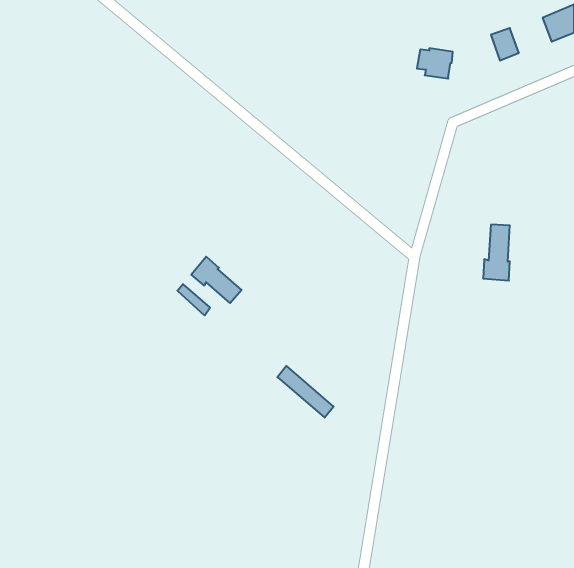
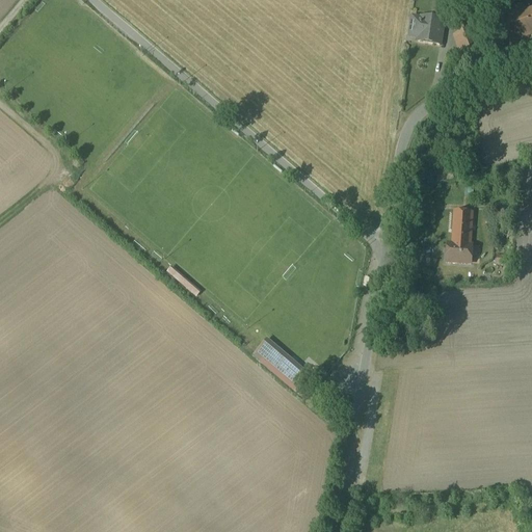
building: [417,48,453,79] -> [410,14,444,42]
building: [191,257,242,303] -> none

